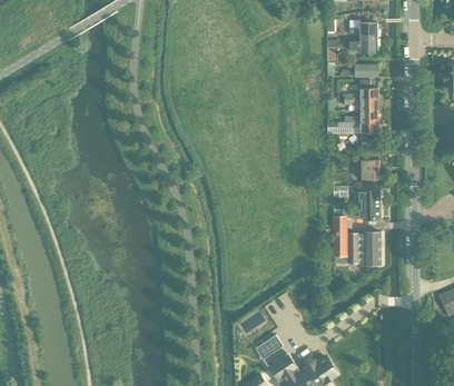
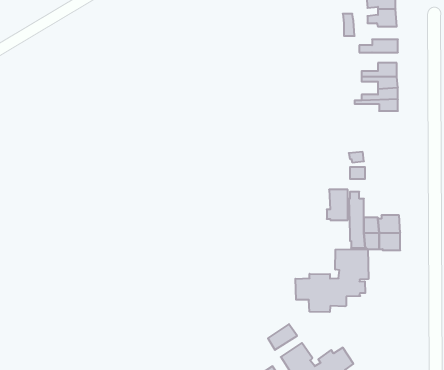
building: [355,159,379,179] -> none
building: [359,190,379,219] -> [327,190,348,220]
building: none -> [295,249,368,312]

